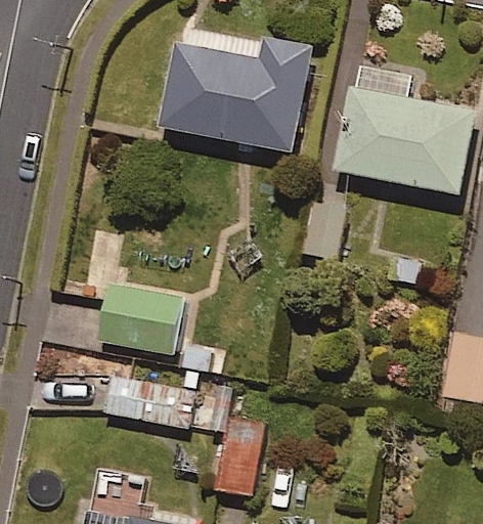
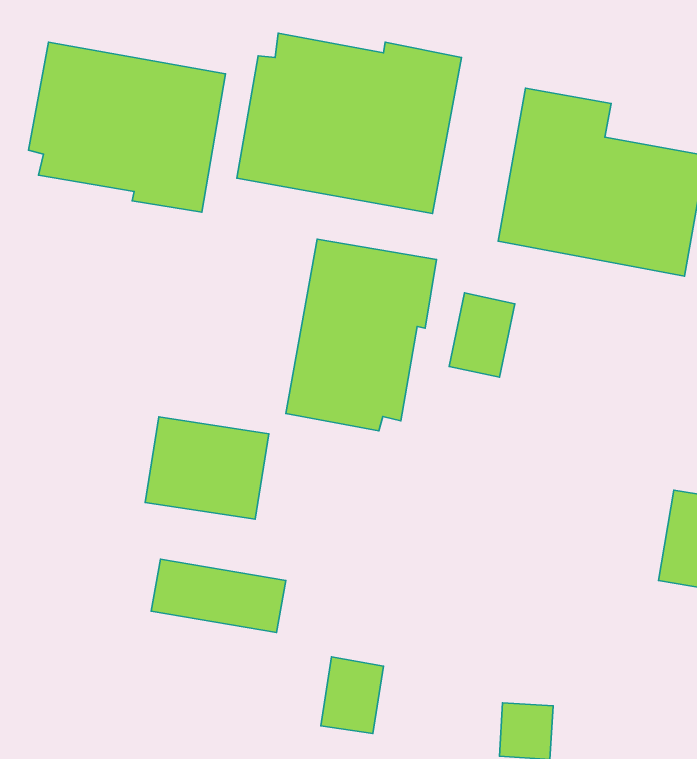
building: none -> [29,42,226,212]
building: none -> [286,239,436,431]

